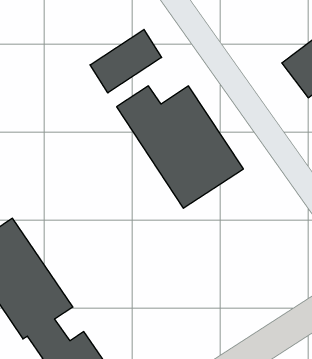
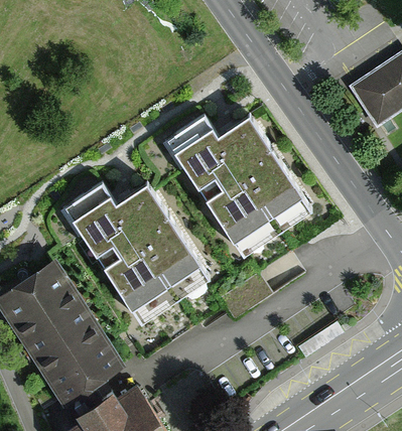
building: [90,29,162,93] -> none
building: none -> [65,184,206,319]

